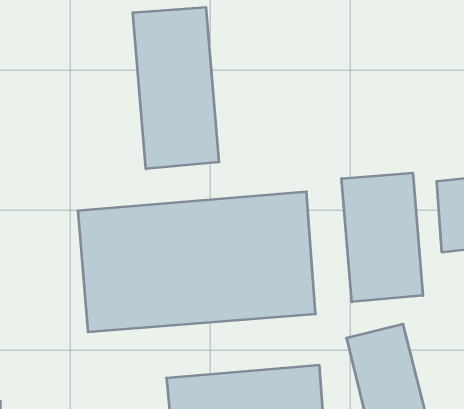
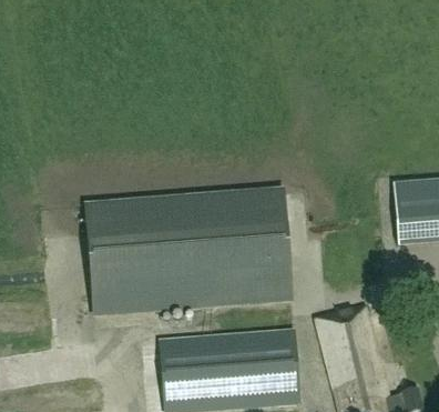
building: [133,7,219,169] -> none
building: [342,173,423,302] -> none

